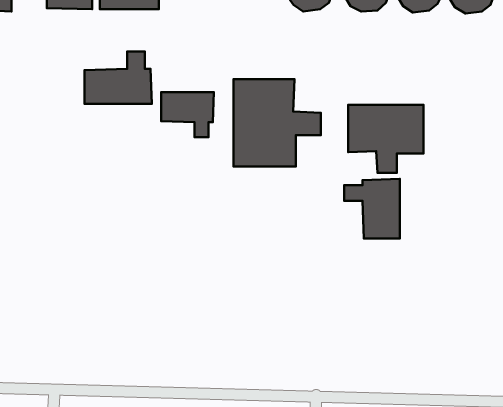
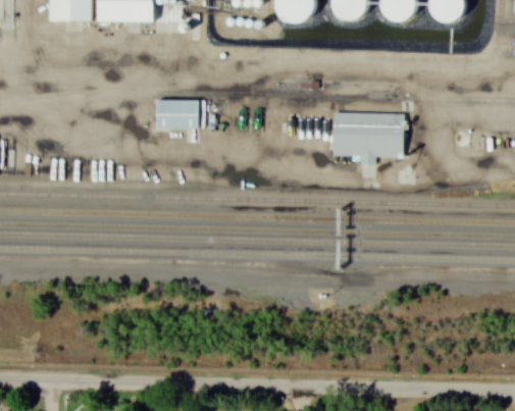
building: [84,51,152,104] -> none
building: [233,79,321,166] -> none
building: [344,179,400,239] -> none

